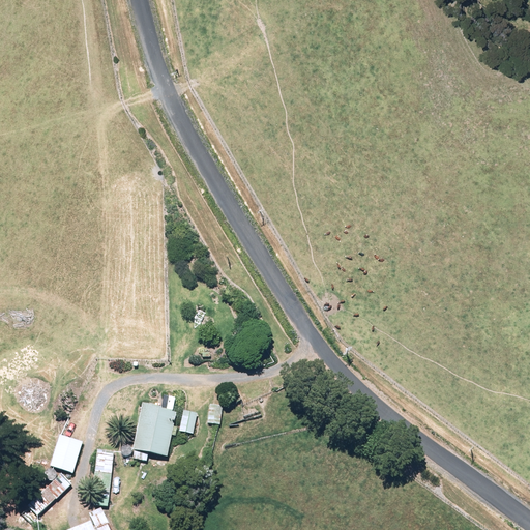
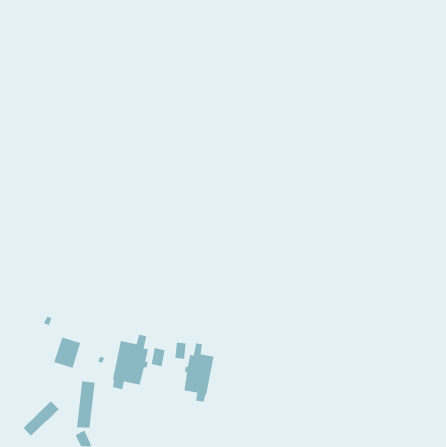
building: none -> [183,343,215,402]
building: [49,435,82,473] -> [53,336,81,369]

